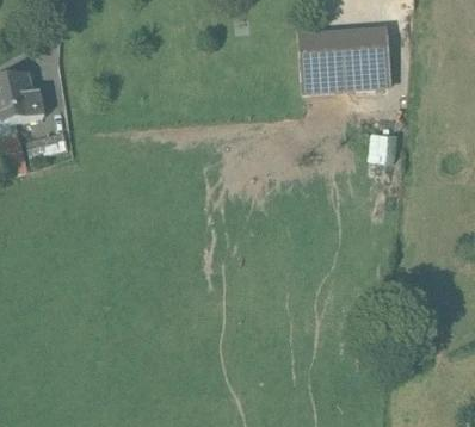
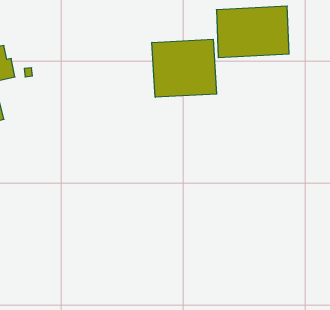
building: none -> [152,39,217,97]

